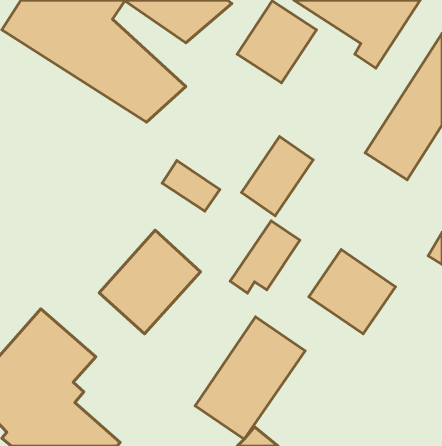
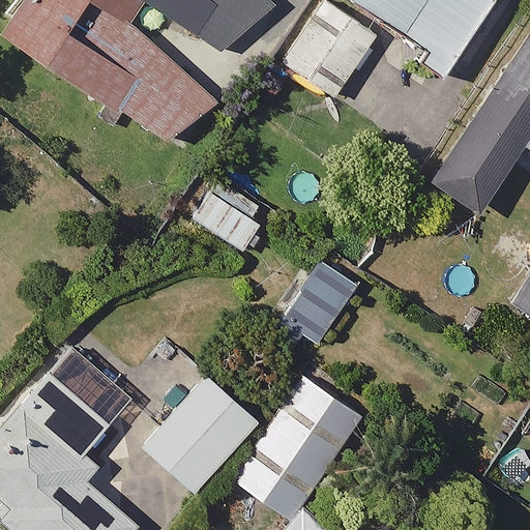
building: [241,136,313,216] -> none
building: [99,230,200,334] -> [139,372,259,495]
building: [309,250,396,334] -> none

